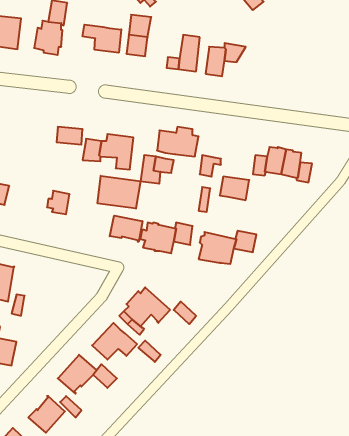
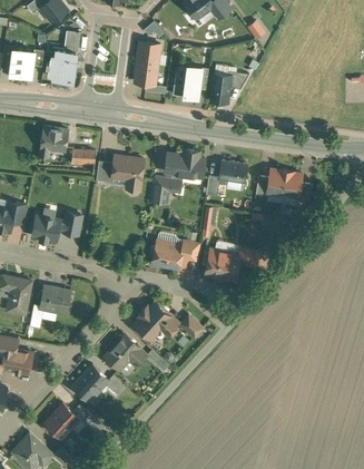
building: [83,25,121,53] -> none
building: none -> [39,127,69,158]
building: [98,176,141,209] -> none
building: [220,177,249,200] -> [219,160,247,183]
building: none -> [35,213,63,240]
building: [110,216,142,242] -> none
building: none -> [40,286,70,313]

